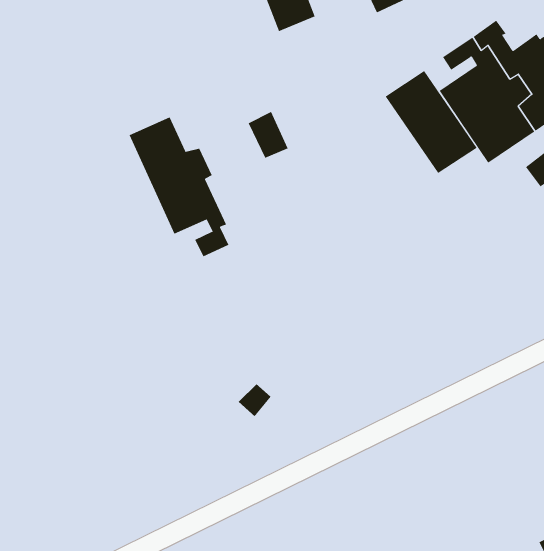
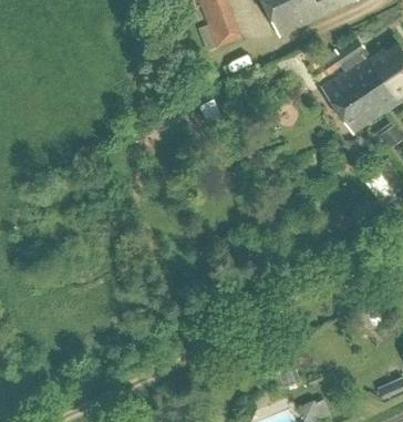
building: [385,70,477,174] -> none
building: [129,116,229,257] -> none

